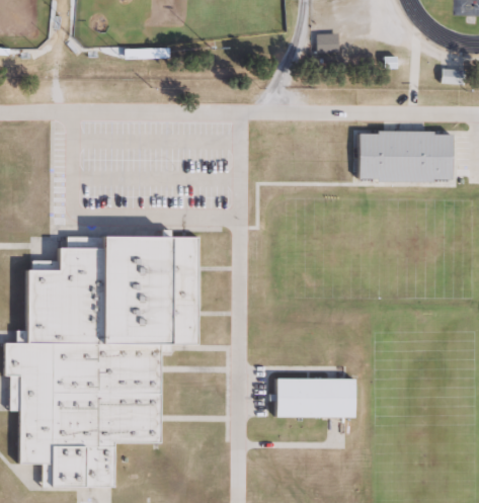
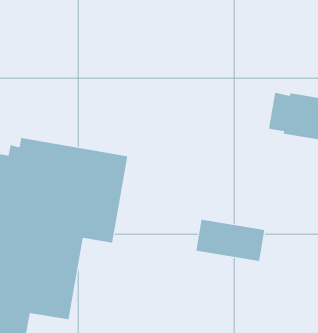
building: [318,34,339,54] -> none
building: [276,379,354,417] -> [195,219,265,262]

